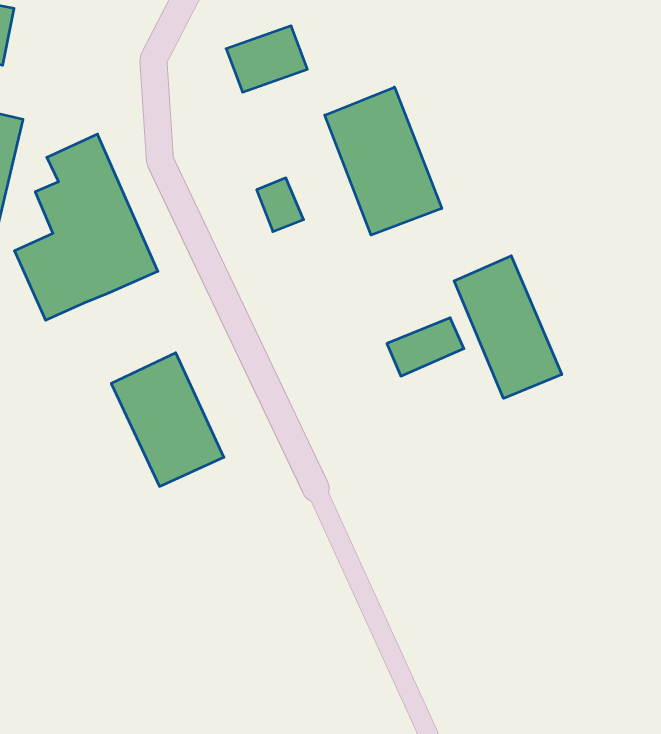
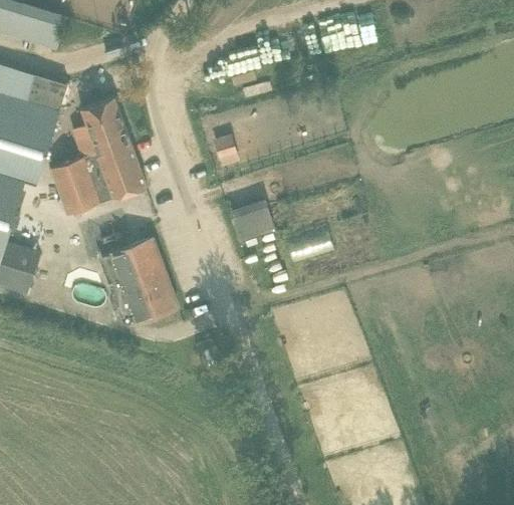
building: [325,87,442,235] -> none
building: [454,256,562,398] -> none
building: none -> [230,200,274,241]

